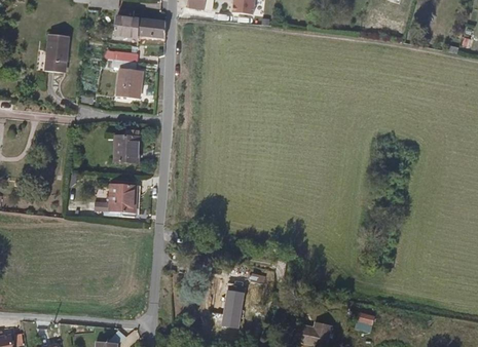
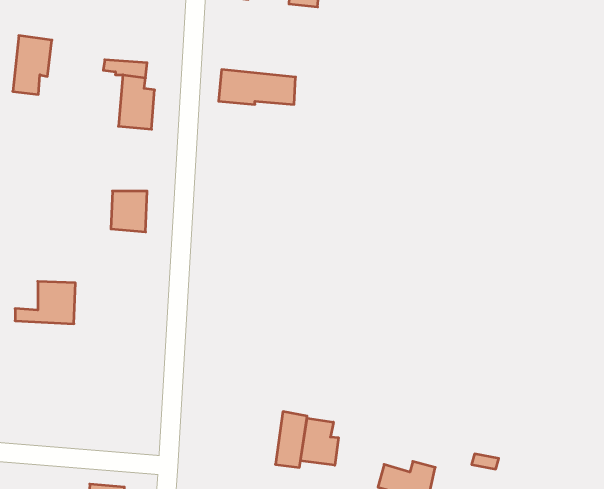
building: [110,16,162,40] -> [219,70,296,104]
building: [97,184,138,213] -> [15,281,75,324]
building: none -> [300,418,338,465]

